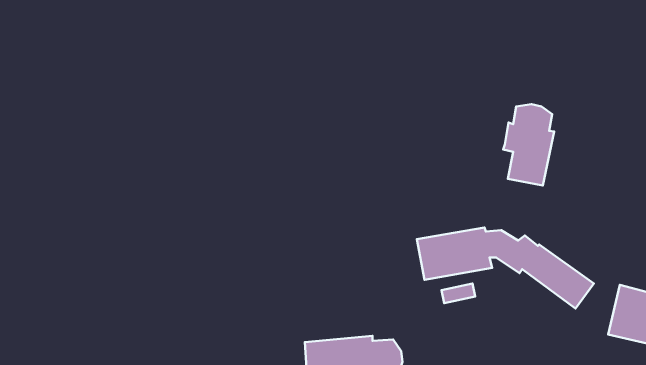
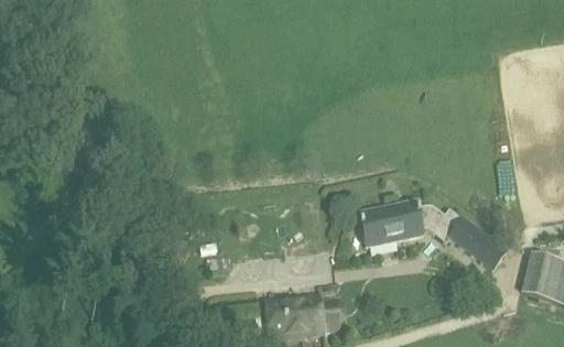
building: [503,104,554,185] -> none

